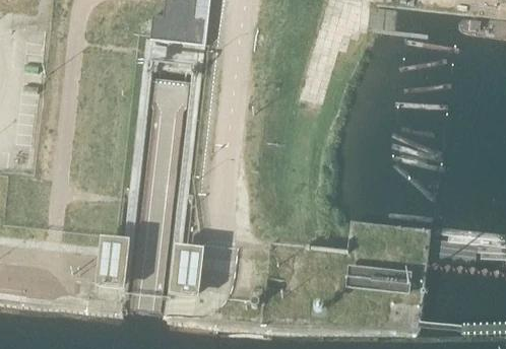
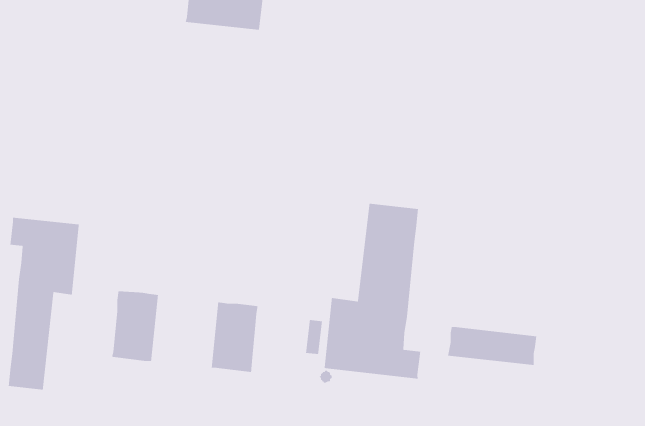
building: none -> [323,203,421,379]
building: none -> [8,217,80,391]

